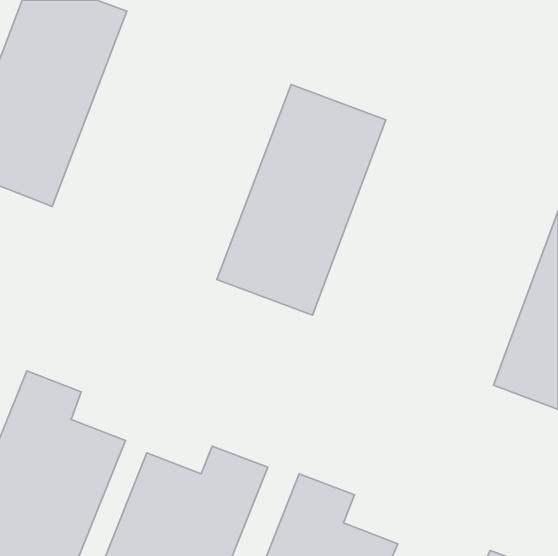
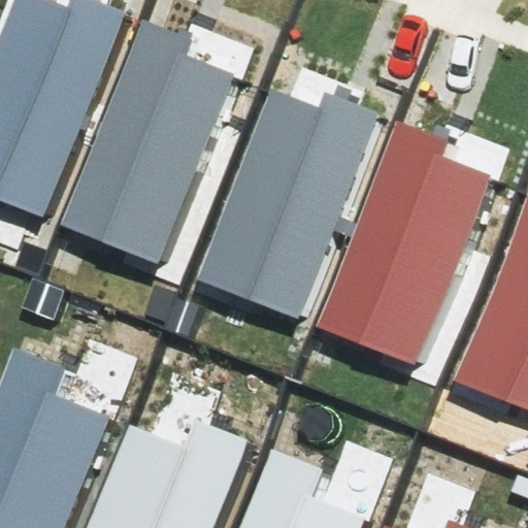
building: none -> [72,29,229,243]
building: none -> [332,139,489,354]

